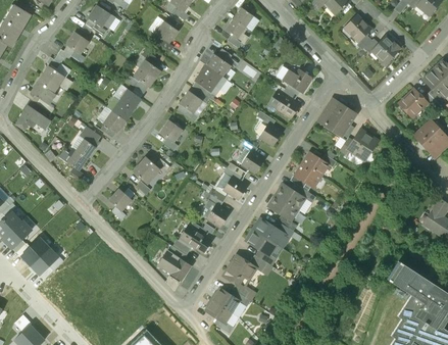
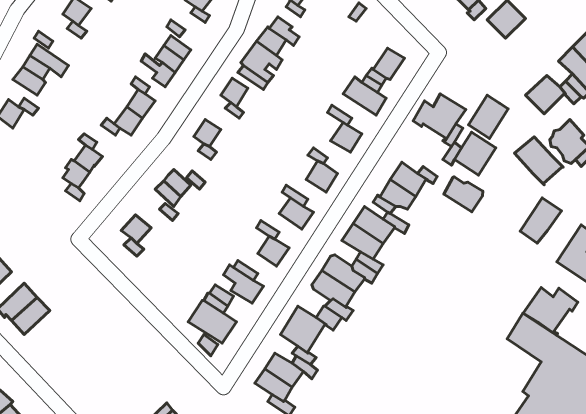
building: none -> [469,95,508,138]
building: none -> [515,137,563,185]
building: none -> [444,177,483,212]
building: none -> [520,198,561,243]
building: none -> [523,288,578,335]

